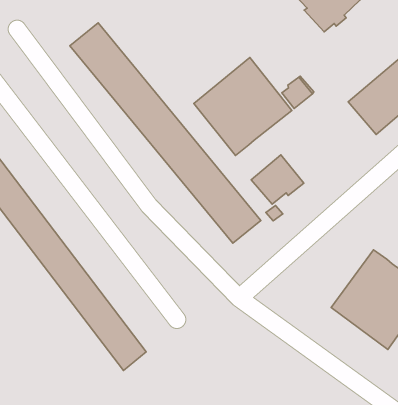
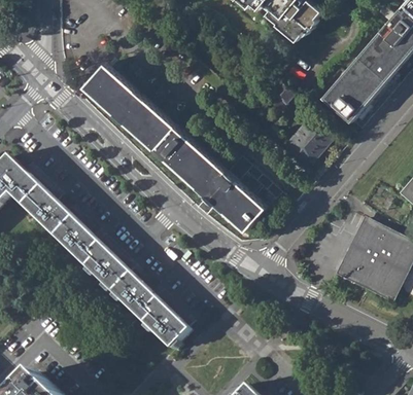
building: [194,58,292,155] -> none
building: [251,155,304,204] -> [286,116,331,158]

